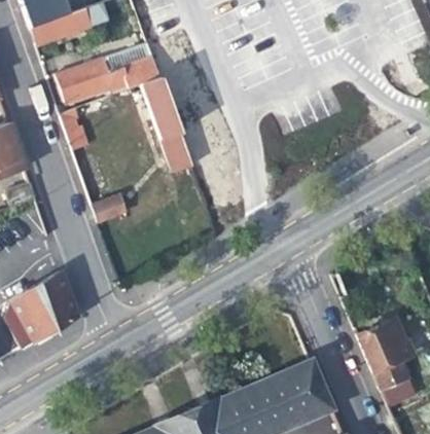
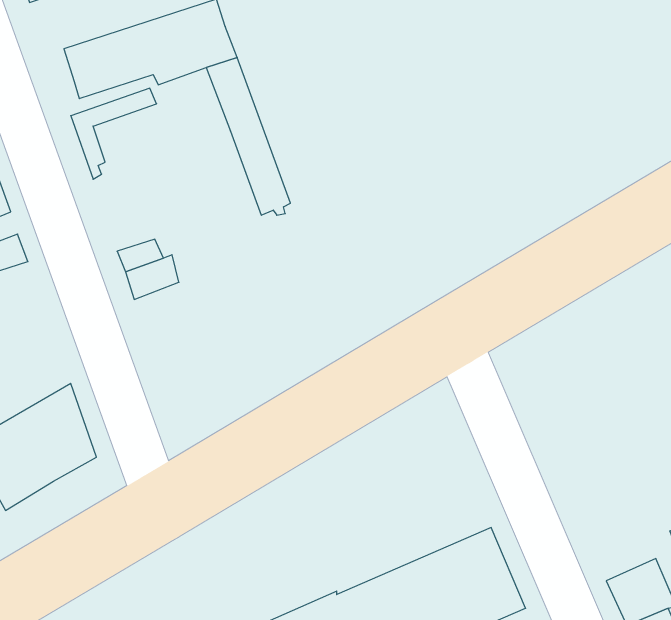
building: [358,321,411,391] -> none

